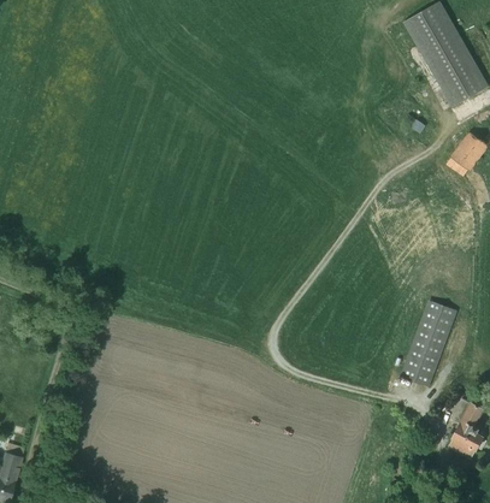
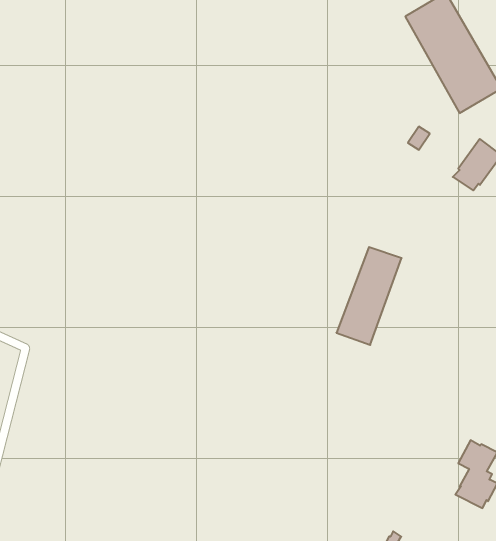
building: [400,301,457,387] -> [336,247,402,345]

